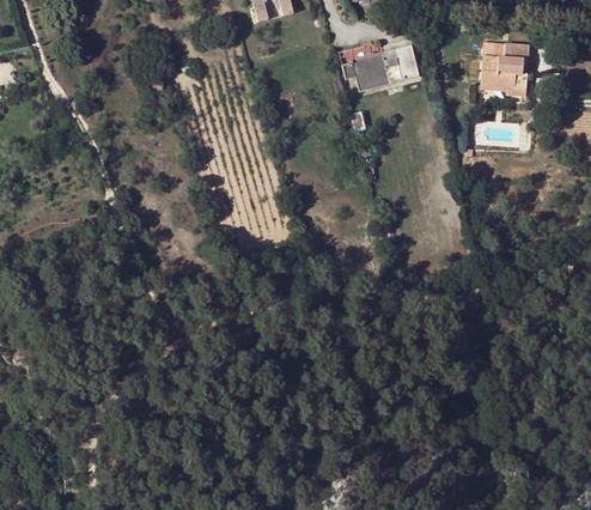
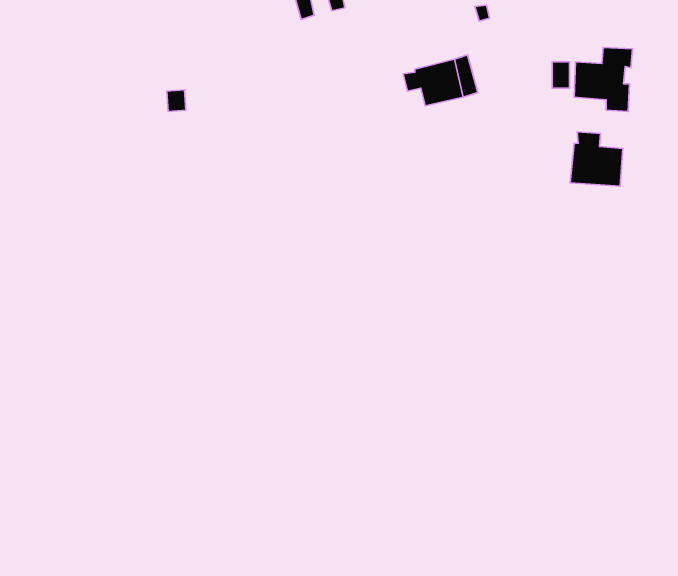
building: [394,44,419,80] -> none
building: none -> [570,132,623,186]

